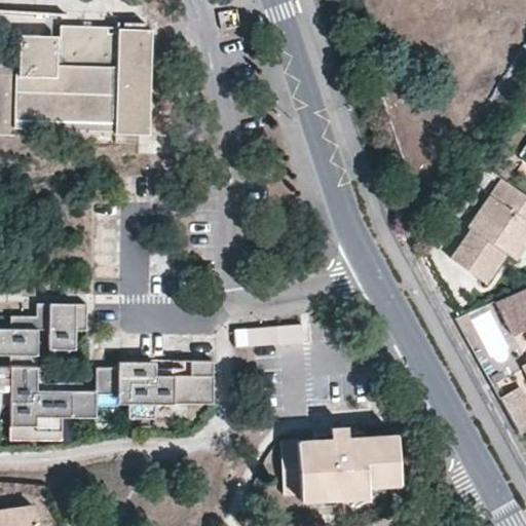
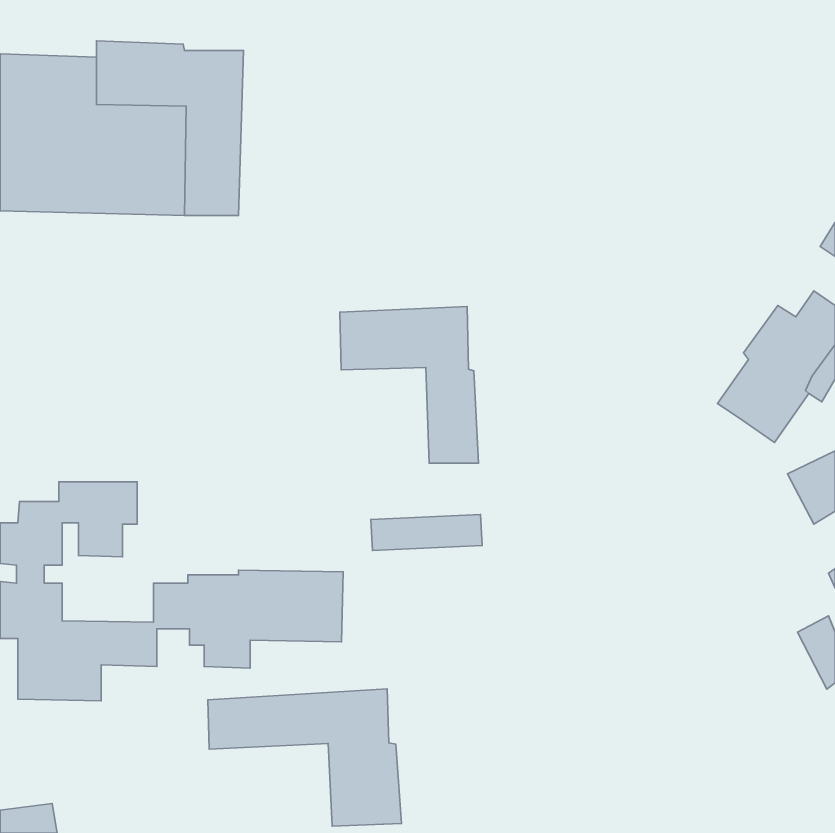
building: none -> [340,307,478,463]
building: [280,426,404,503] -> none
building: none -> [208,689,401,826]

